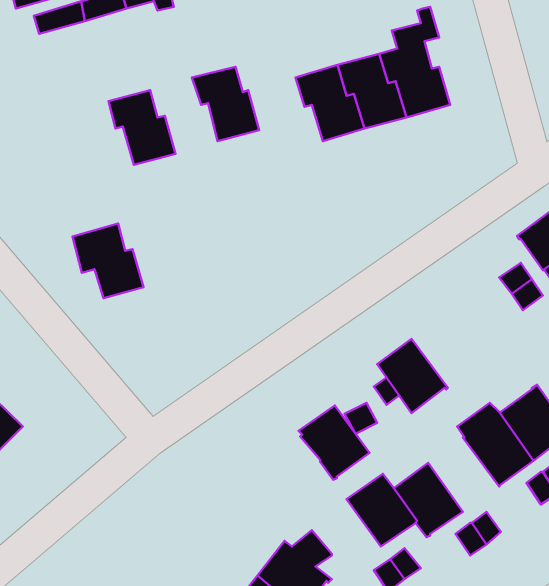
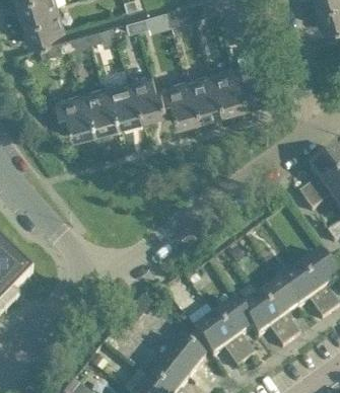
building: none -> [104,80,141,123]
building: none -> [158,80,200,122]
building: [73,224,143,298] -> [55,93,94,135]
building: [377,339,448,413] -> [259,281,298,322]
building: [299,405,369,480] -> [193,315,232,357]

